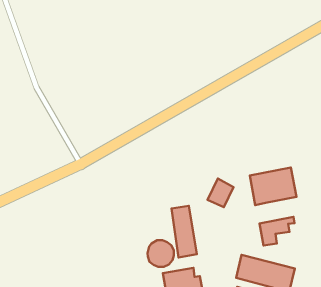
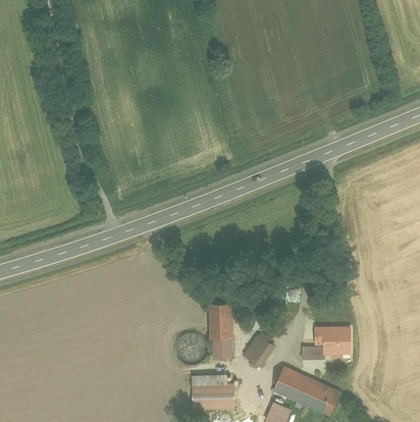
building: [250,168,296,205] -> none
building: [208,179,234,207] -> [244,333,275,367]

